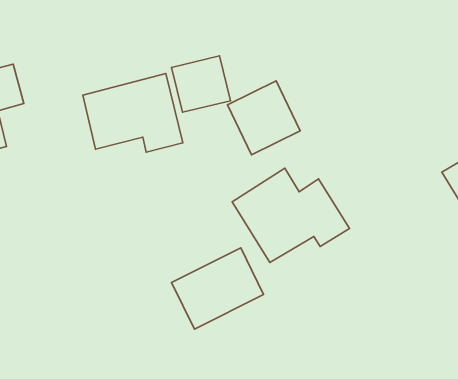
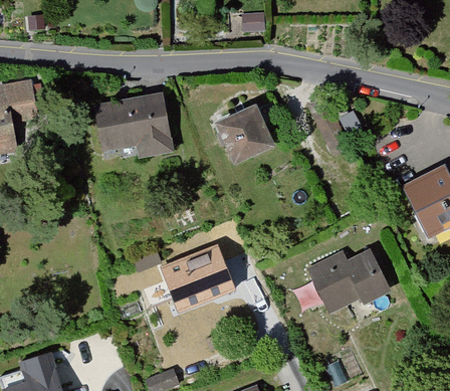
building: [171,56,230,112] -> none
building: [232,168,350,263] -> [295,234,395,315]

